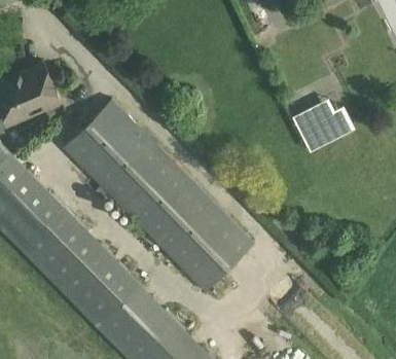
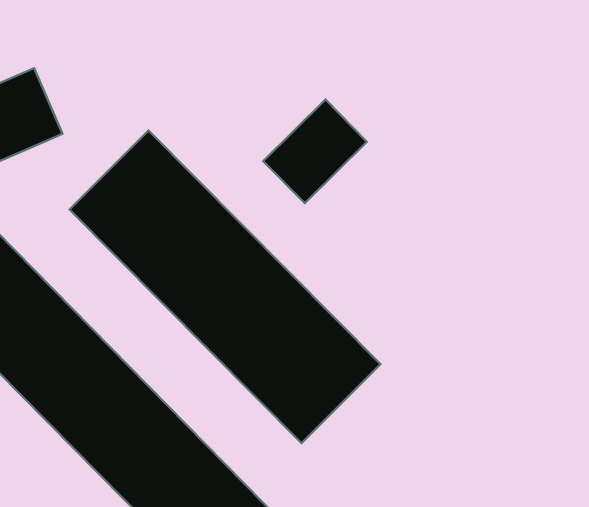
building: none -> [263,99,367,203]
building: [292,111,346,152] -> none

